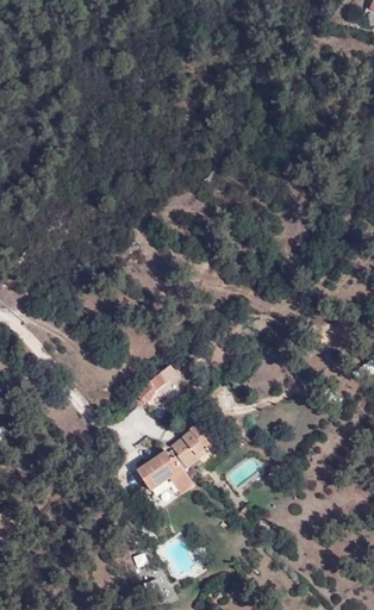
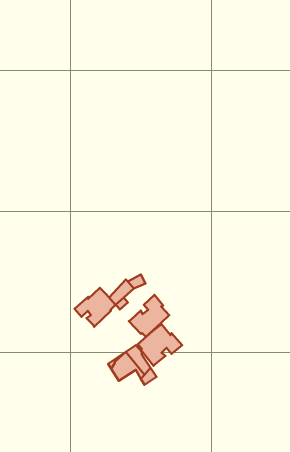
building: none -> [74,288,116,327]
building: none -> [129,295,169,337]

